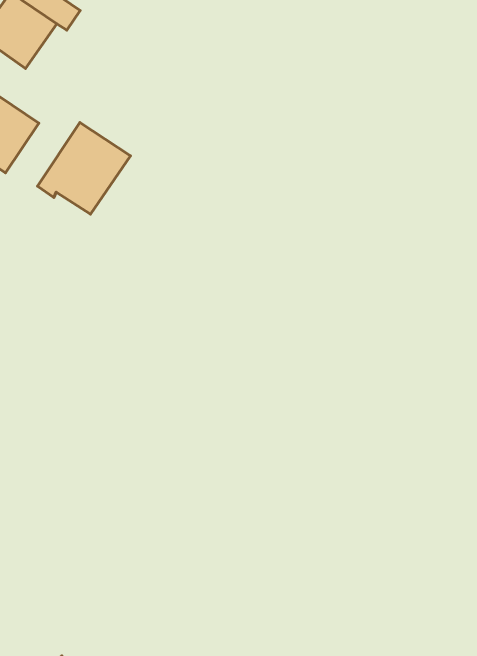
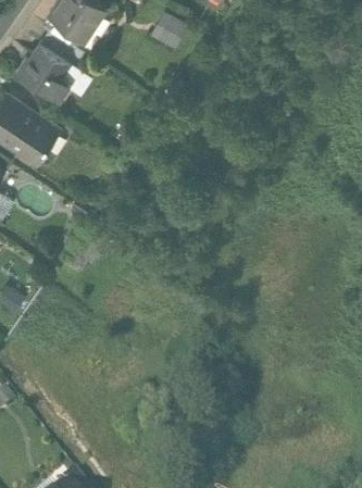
building: [37,122,131,214] -> none

